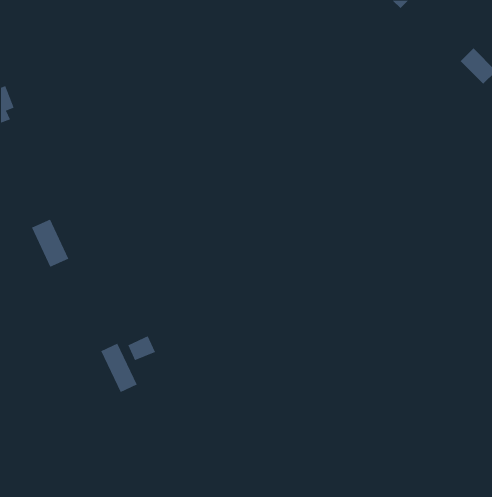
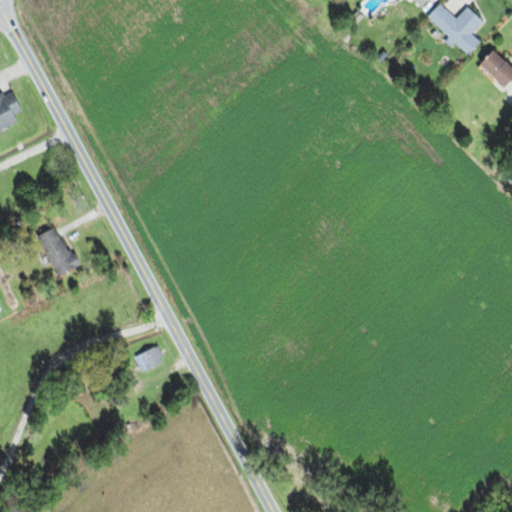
building: none -> [427,5,483,55]
building: [101,343,137,393] -> none

